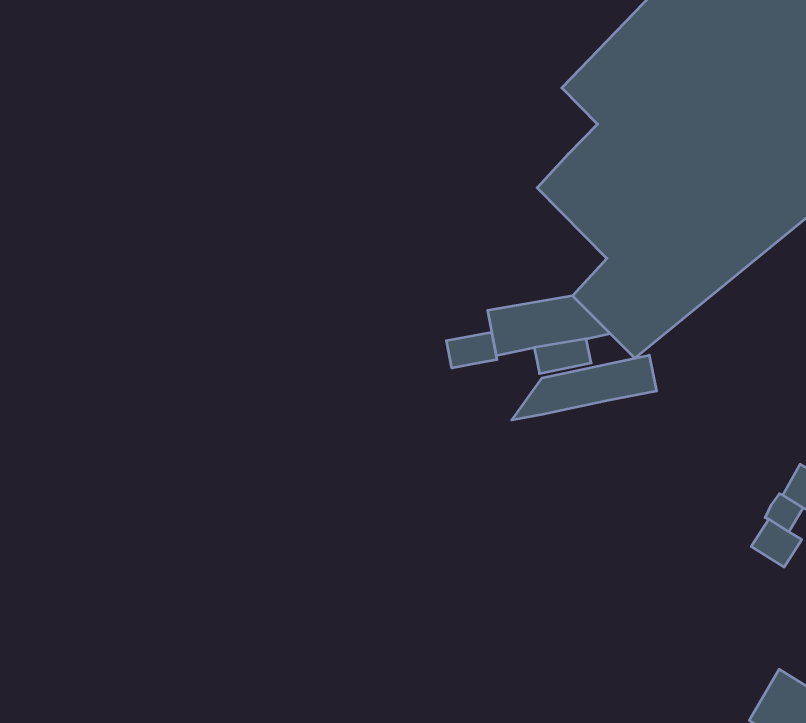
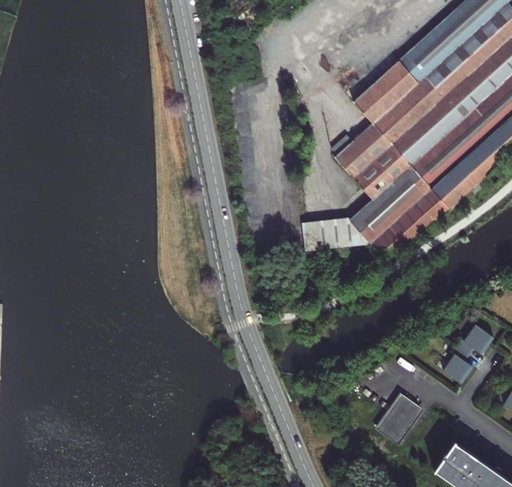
building: [446,332,497,368] -> none
building: [512,355,657,420] -> none
building: none -> [376,393,423,444]

